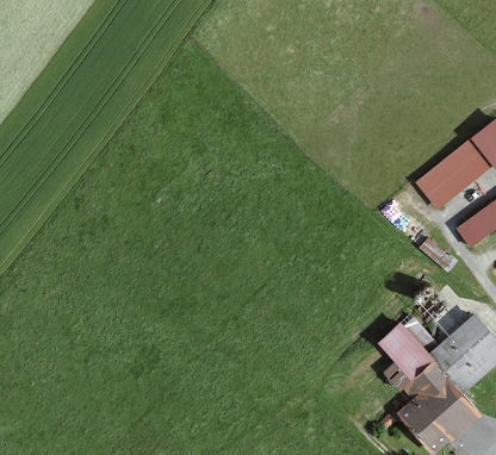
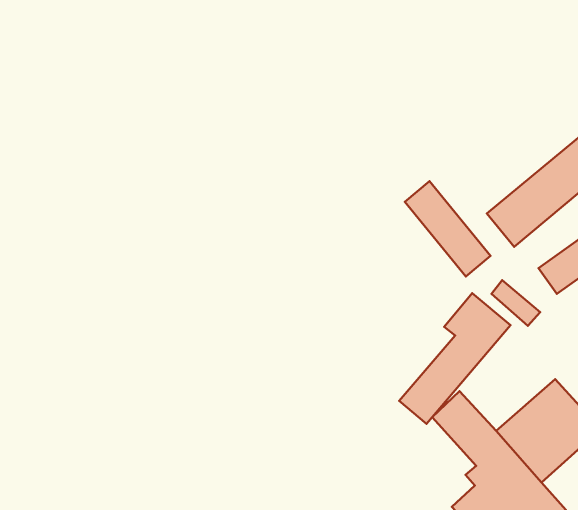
building: none -> [405,181,491,276]
building: none -> [399,293,511,424]

